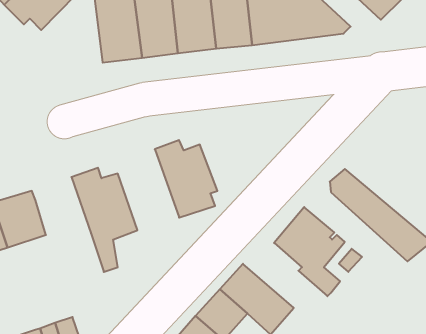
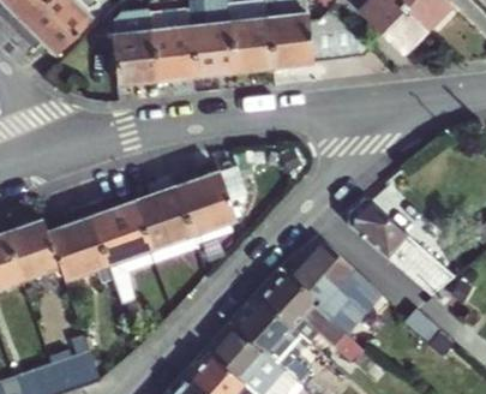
building: none -> [131,178,194,264]
building: none -> [46,207,103,281]
building: none -> [260,268,366,359]

